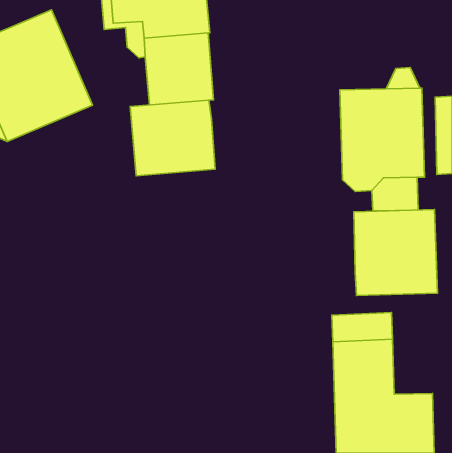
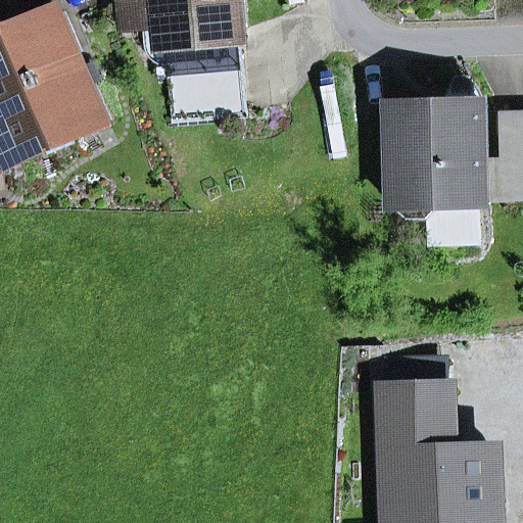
building: [130,100,215,176] -> none
building: [354,210,437,296] -> none

